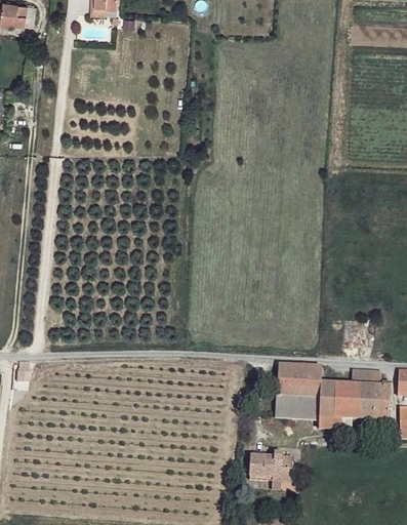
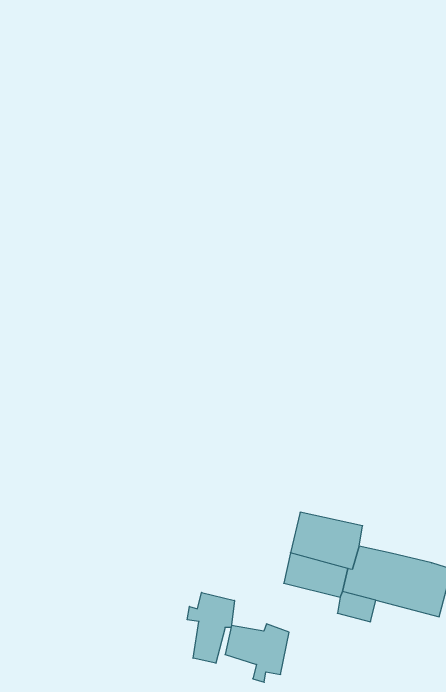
building: [348,367,376,387] -> none
building: none -> [187,592,234,663]

